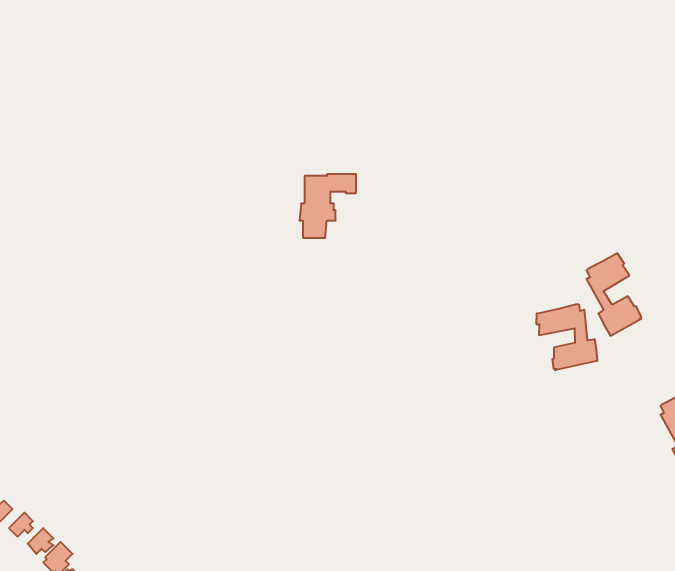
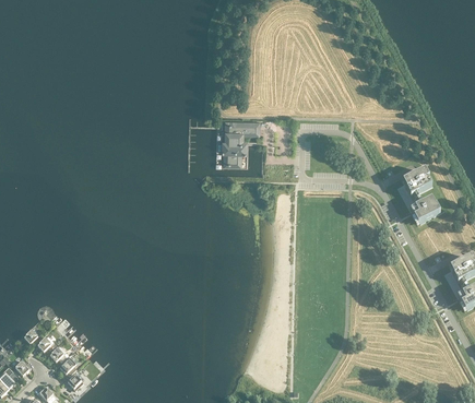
building: [537,304,597,370] -> none

